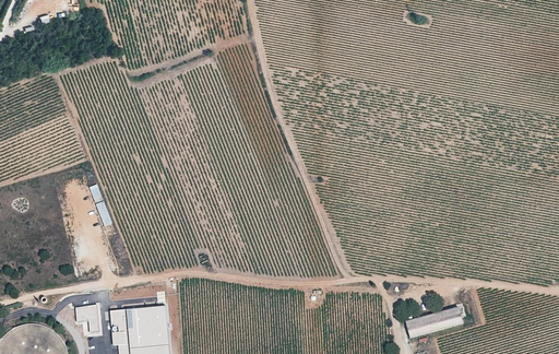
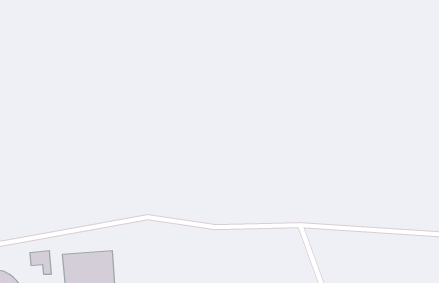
building: [403,305,460,335] -> none

